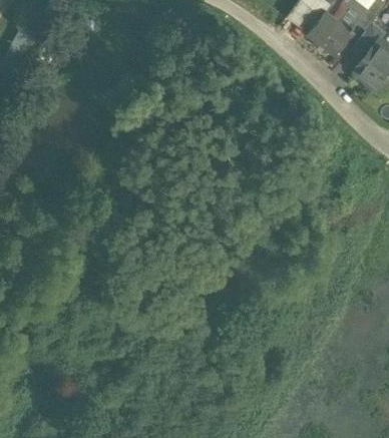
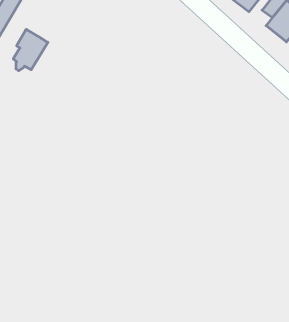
building: none -> [13,29,48,71]

